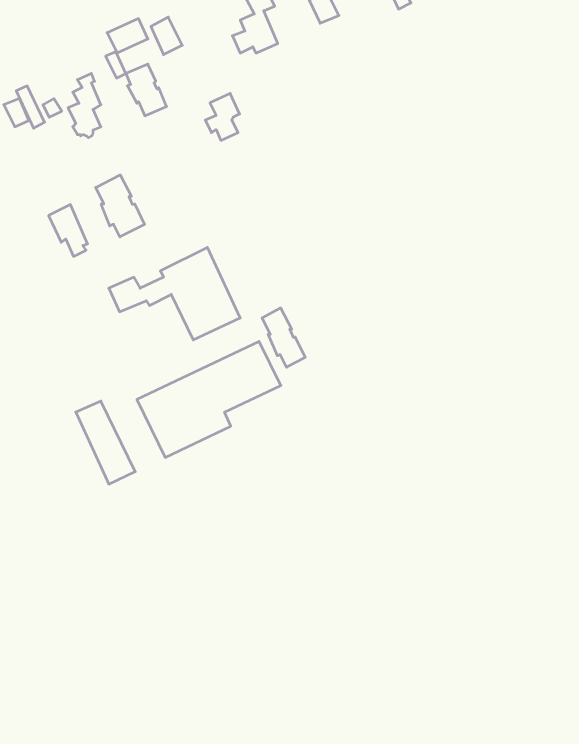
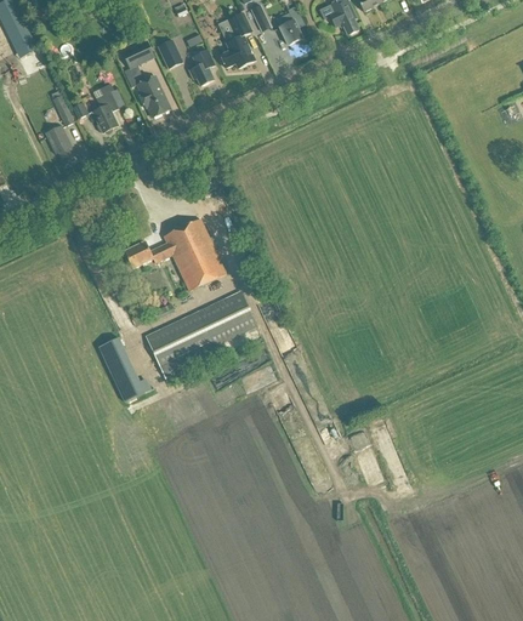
building: [205,93,240,140] -> [188,49,215,85]
building: [96,175,145,237] -> none
building: [49,205,88,256] -> [45,123,75,163]
building: [262,308,305,367] -> none

